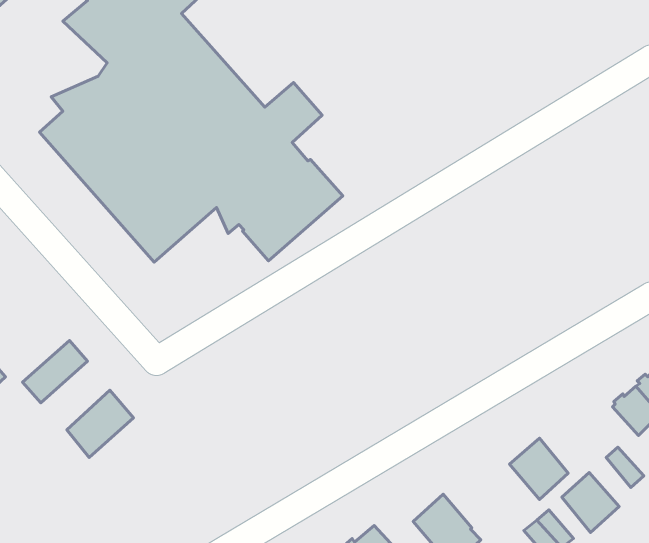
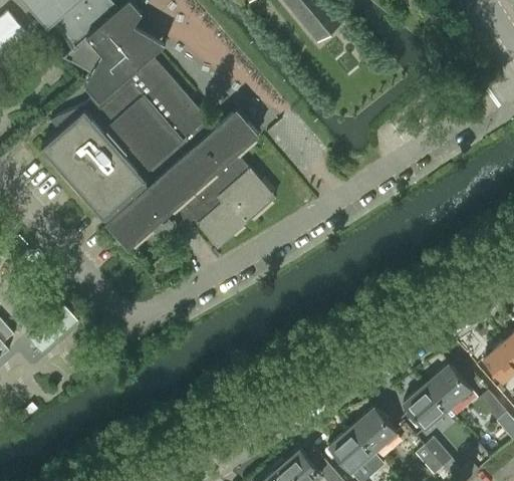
building: [67,390,134,457] -> none
building: none -> [352,409,397,454]
building: [562,473,619,532] -> [427,366,471,412]

